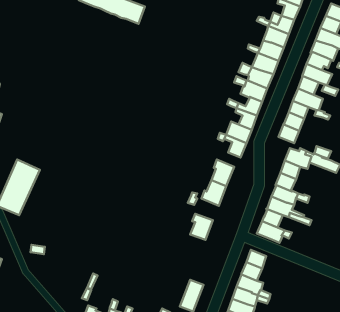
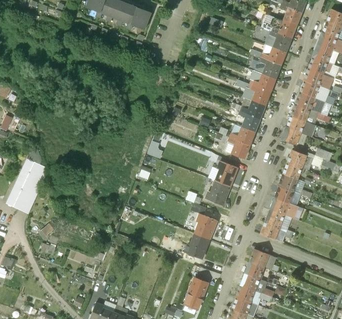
building: none -> [185,232,210,258]

